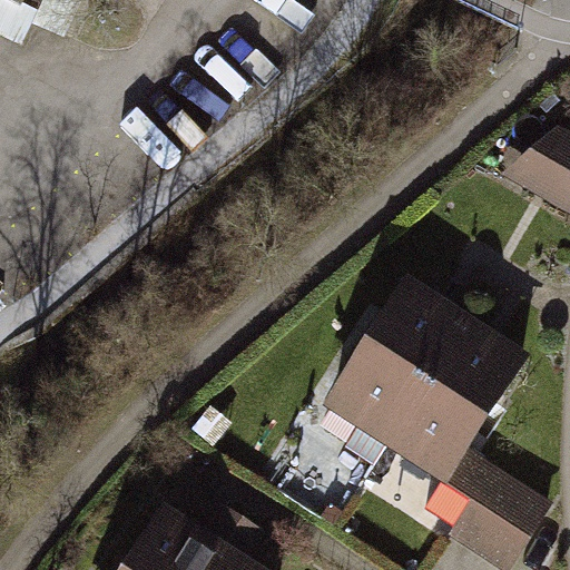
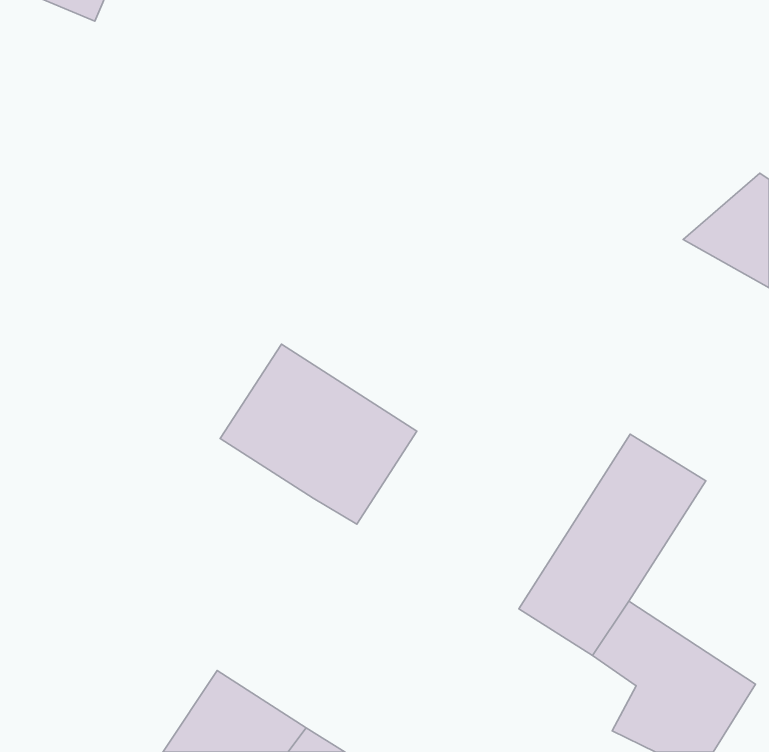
building: none -> [220,344,417,524]
building: [323,283,465,450] -> none

